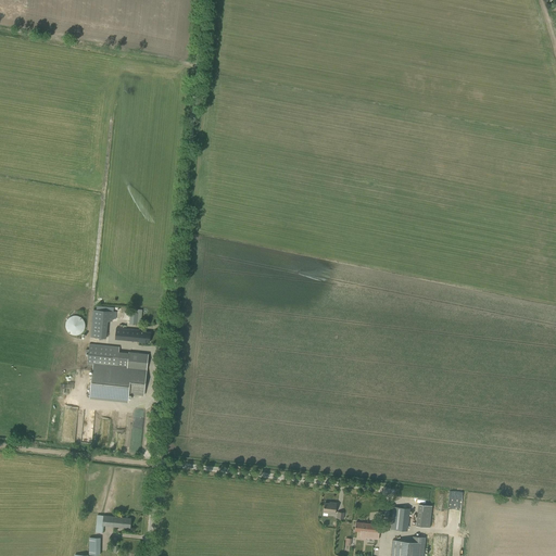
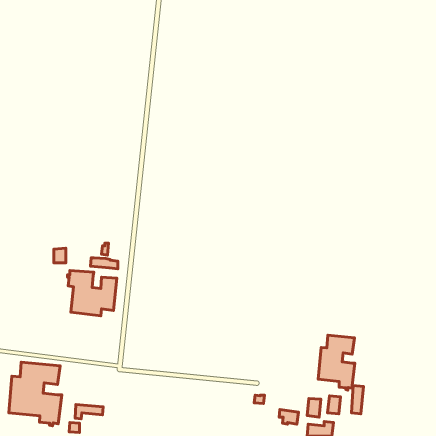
building: [91,311,116,339] -> none
building: none -> [318,335,355,390]
building: none -> [9,362,62,426]

